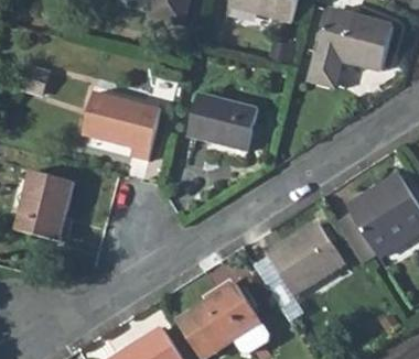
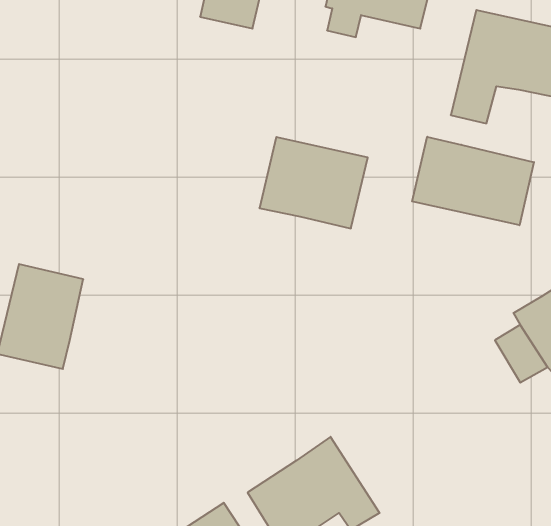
building: none -> [412,137,534,225]
building: [78,93,158,164] -> none
building: [269,221,345,293] -> none

